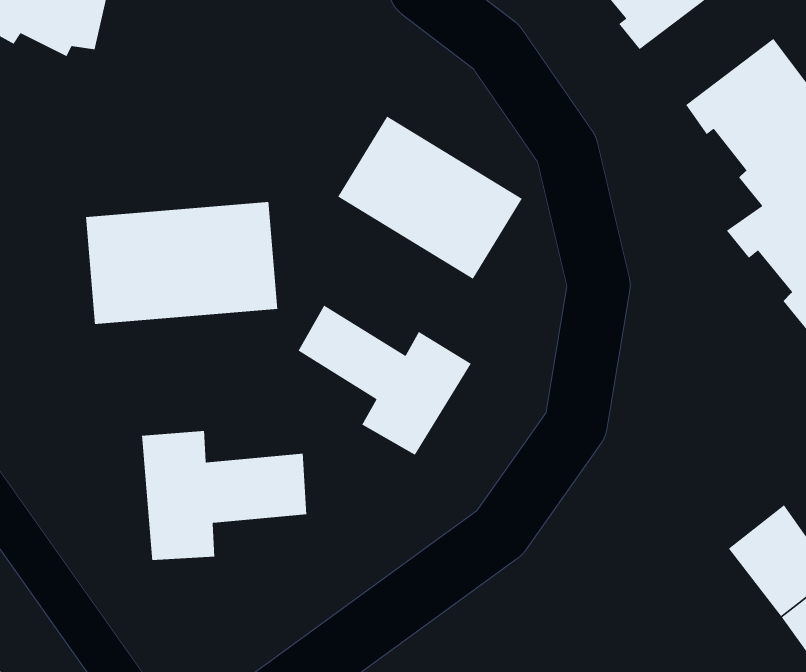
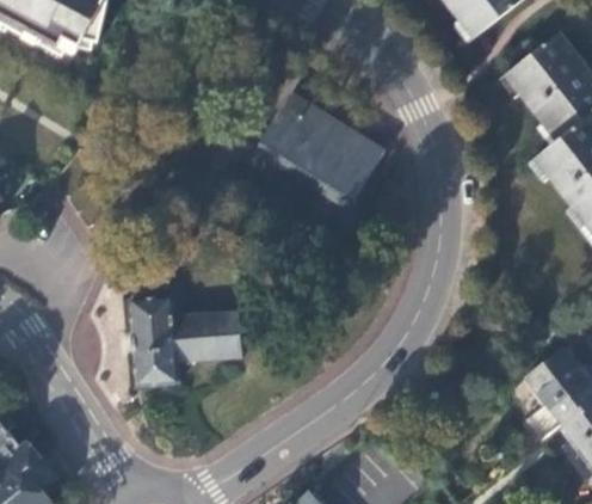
building: [85,201,278,325] -> none
building: [297,304,472,456] -> none

